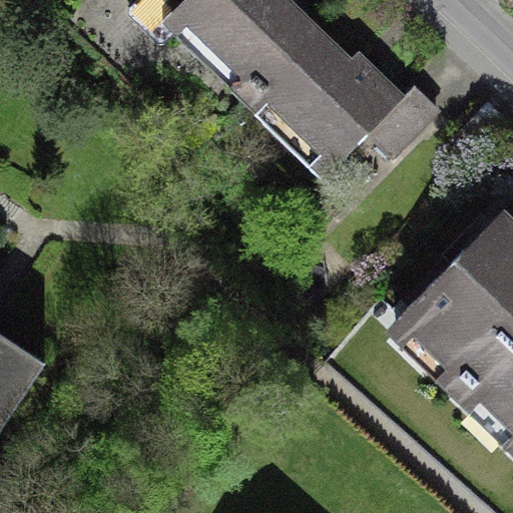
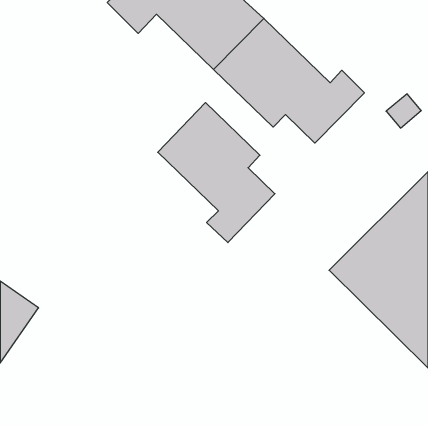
building: none -> [158,103,275,243]

